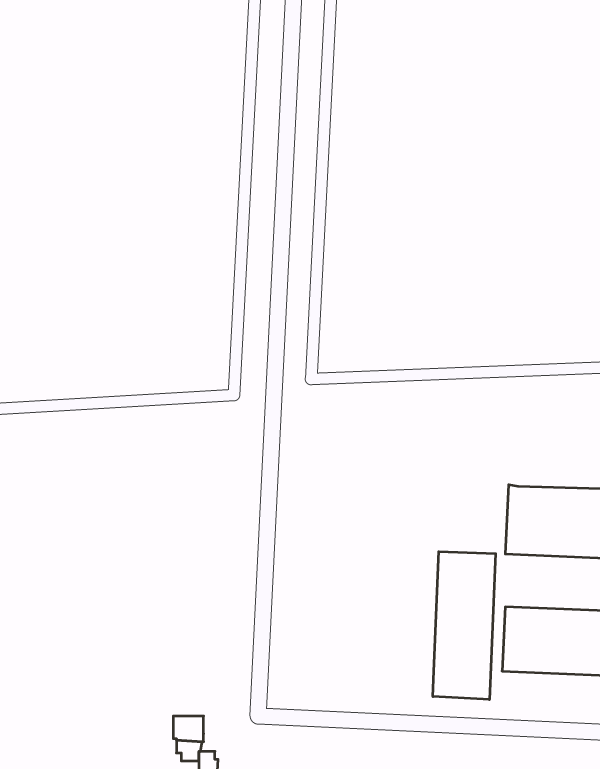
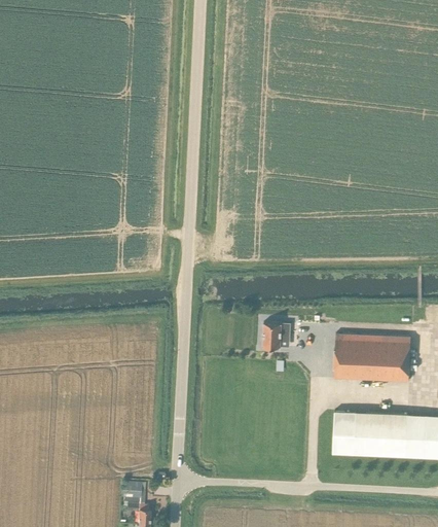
building: none -> [262,324,290,348]
building: [433,552,496,700] -> none

